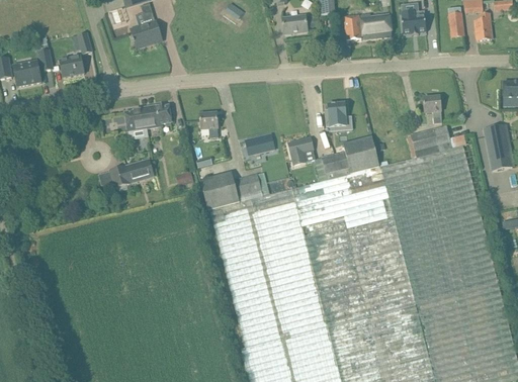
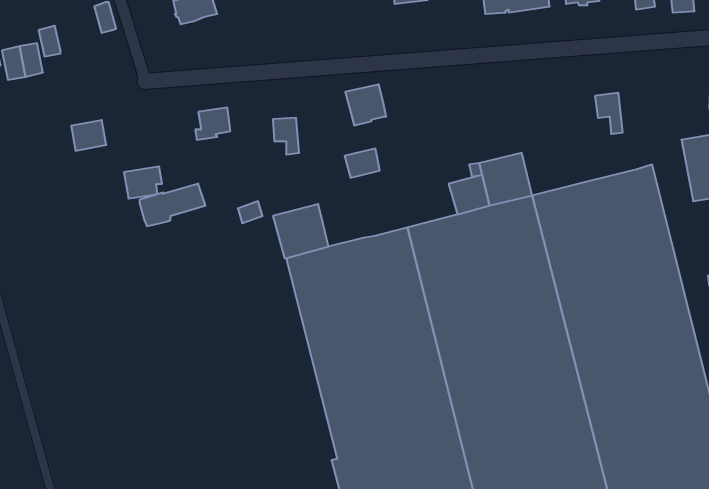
building: [60,56,84,77] -> [71,120,106,151]
building: [325,102,346,126] -> none
building: [124,108,151,130] -> [124,166,162,199]
building: [411,125,452,157] -> none
building: [287,136,316,165] -> [345,84,386,125]
building: [234,174,263,201] -> none

